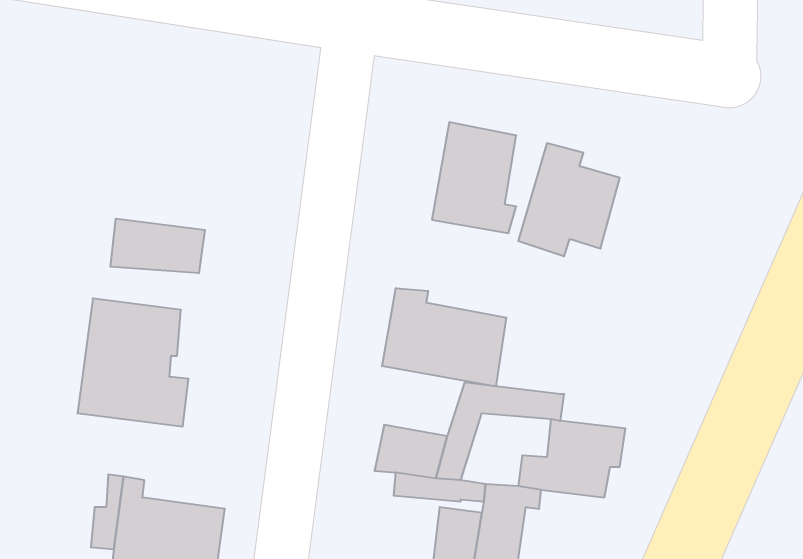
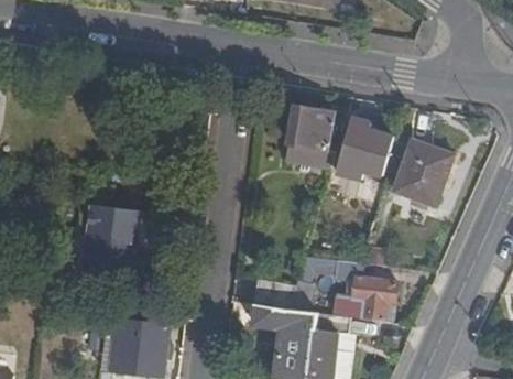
building: none -> [392,138,454,206]
building: [110,219,205,273] -> none
building: [382,288,506,386] -> none

